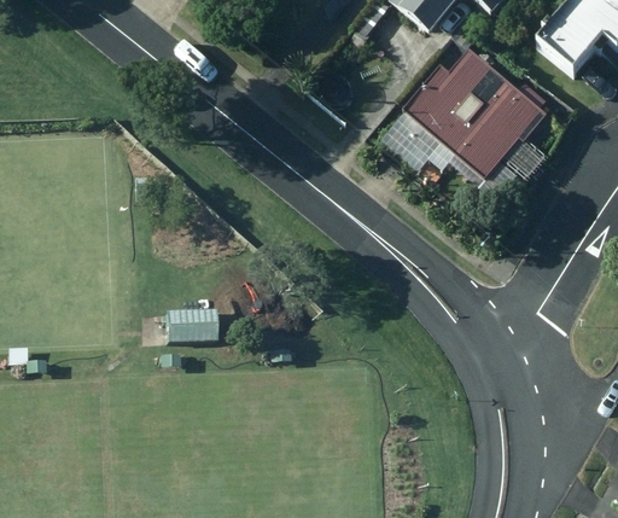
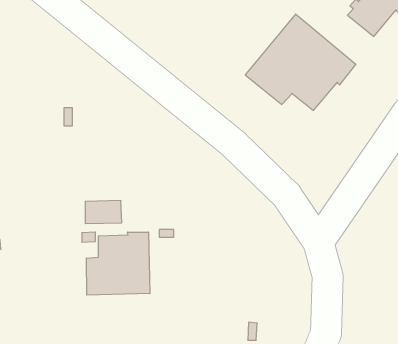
building: none -> [86,232,150,295]

